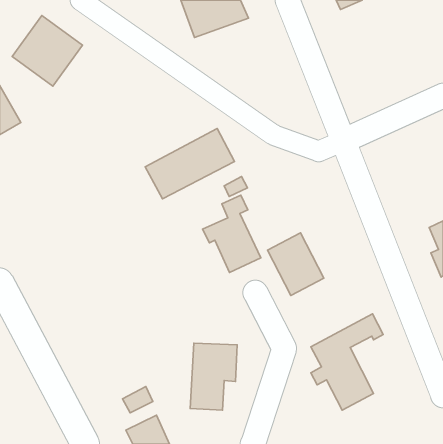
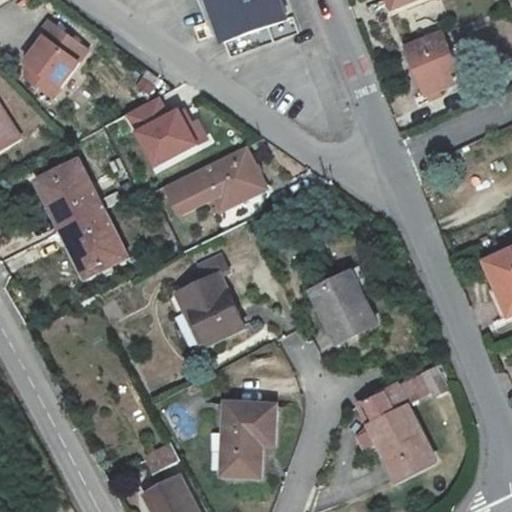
building: none -> [406,36,459,95]
building: none -> [124,100,209,167]
building: none -> [33,157,135,286]
building: [203,195,261,272] -> [171,257,238,346]

